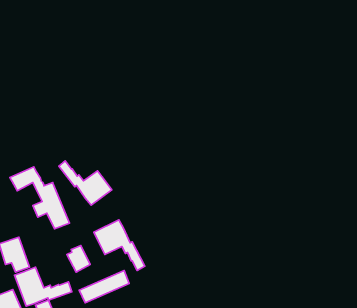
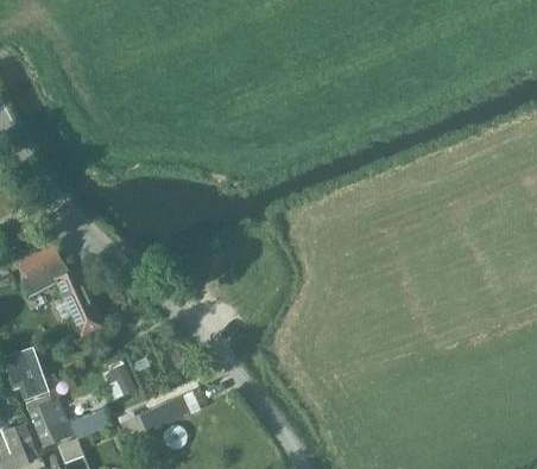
building: [59,161,112,205] -> none
building: [94,220,145,271] -> none

